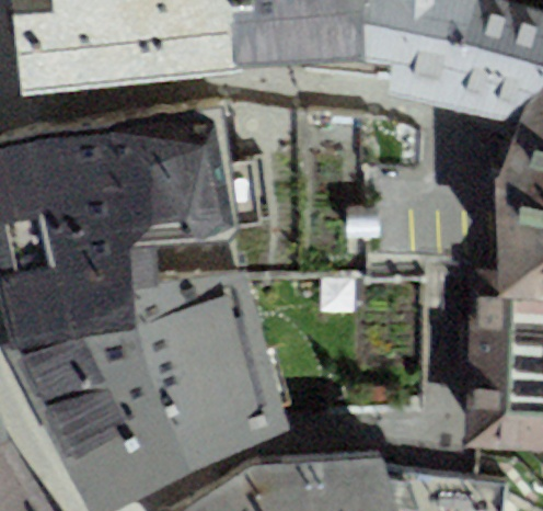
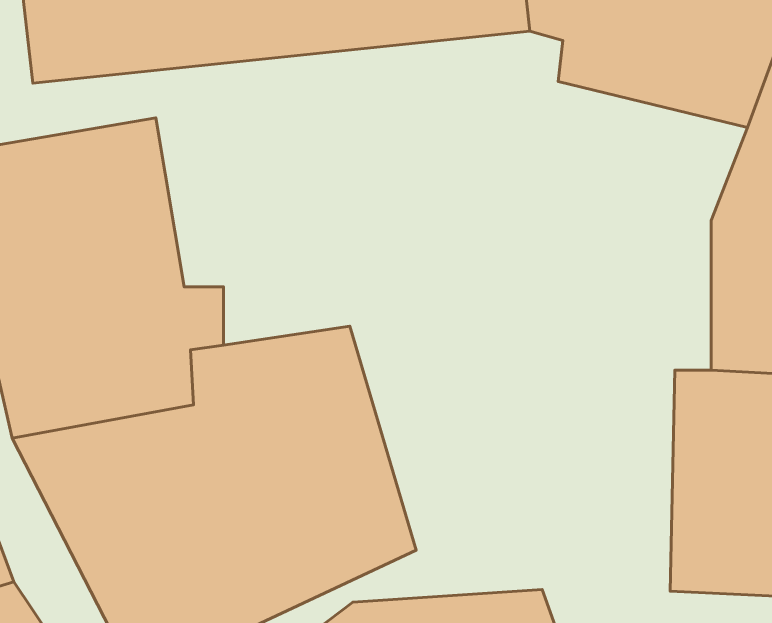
building: [109,103,239,240] -> none

